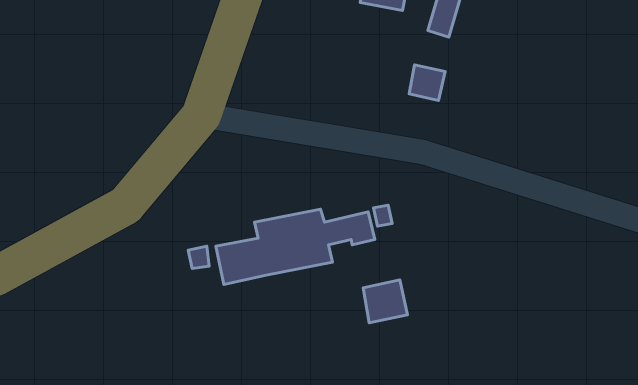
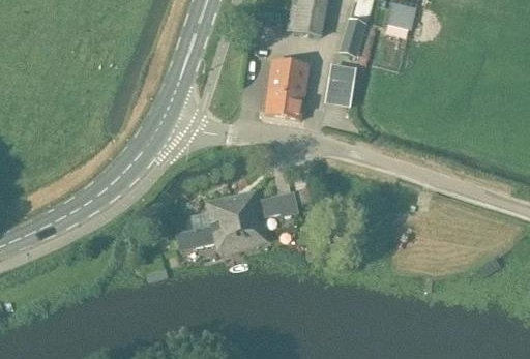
building: none -> [264,59,308,118]
building: [363,280,408,323] -> none

